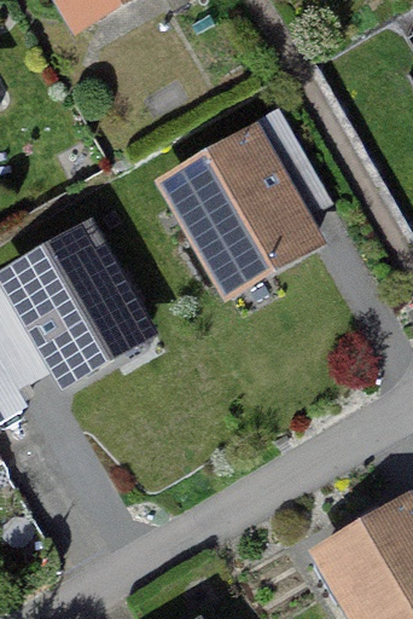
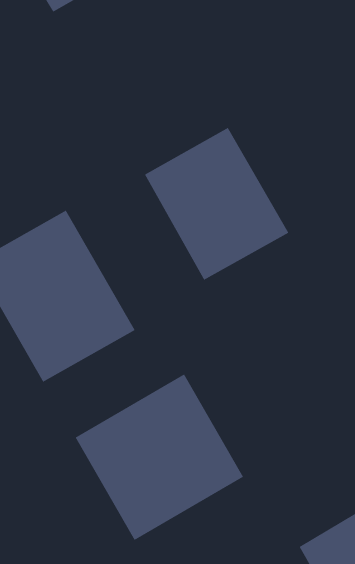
building: none -> [75,374,244,541]

